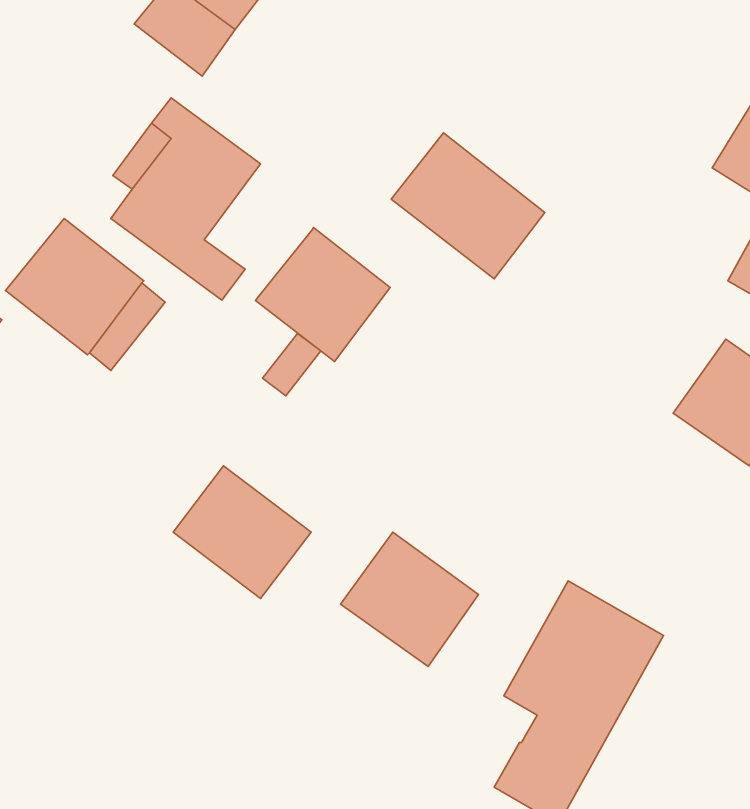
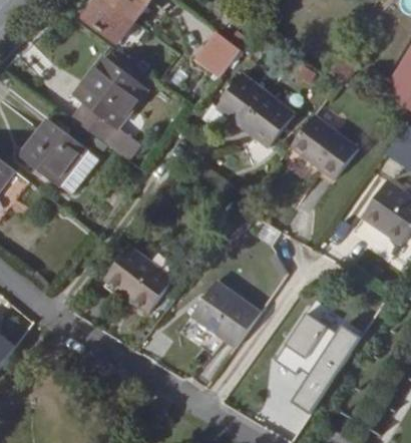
building: none -> [193,30,242,78]
building: none -> [291,115,358,180]
building: [256,228,390,362] -> none

